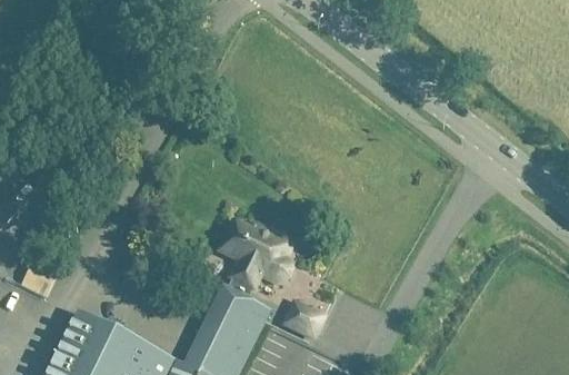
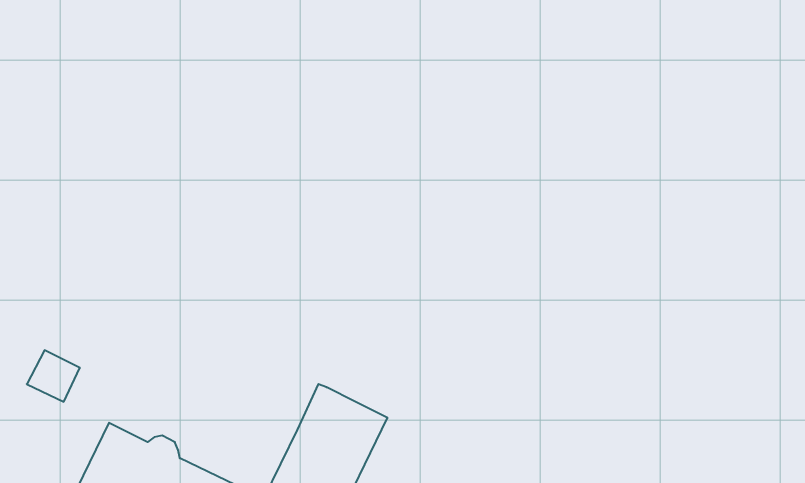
building: [219,219,293,296] -> none

